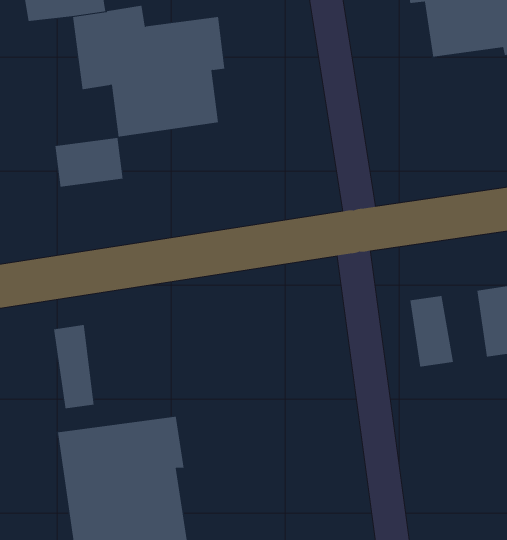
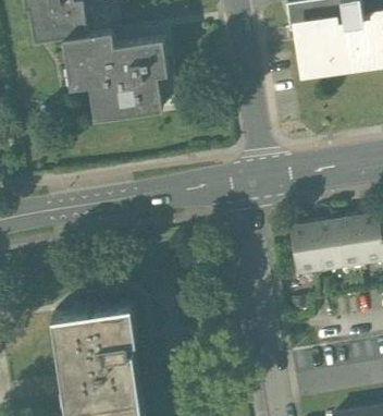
building: [55,137,123,187] -> none
building: none -> [310,223,339,271]
building: [54,324,94,409] -> none

